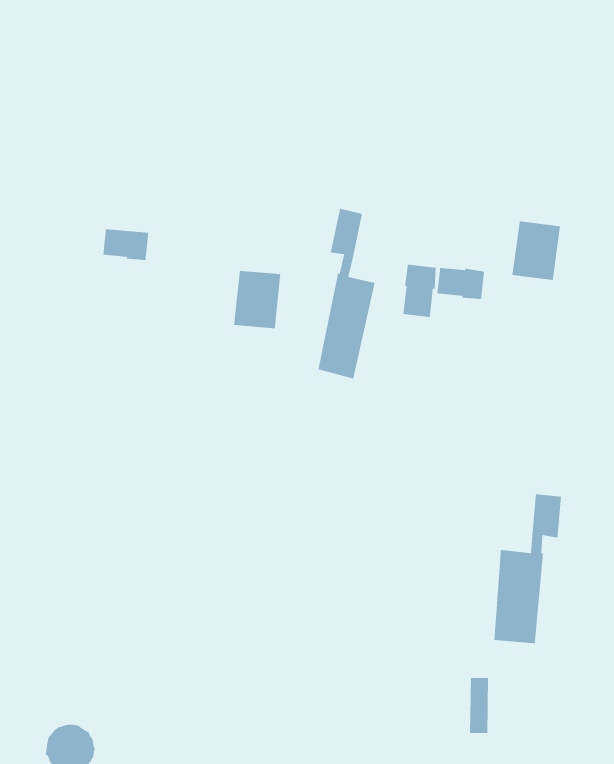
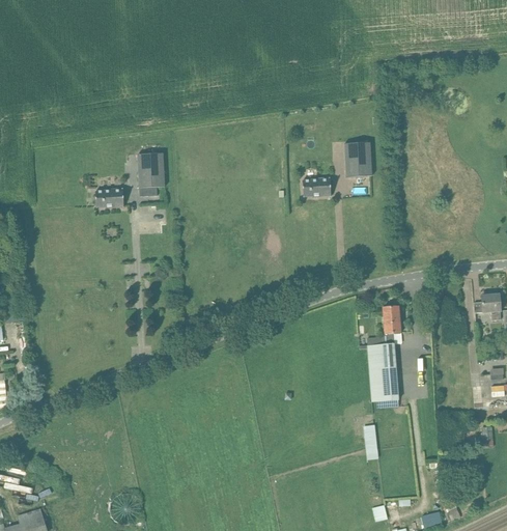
building: [317,208,376,380] -> none
building: [403,264,437,318] -> none
building: [233,270,281,329] -> [138,153,166,190]

